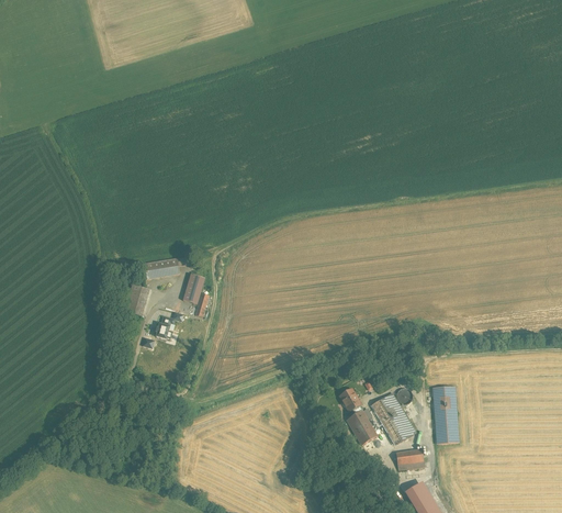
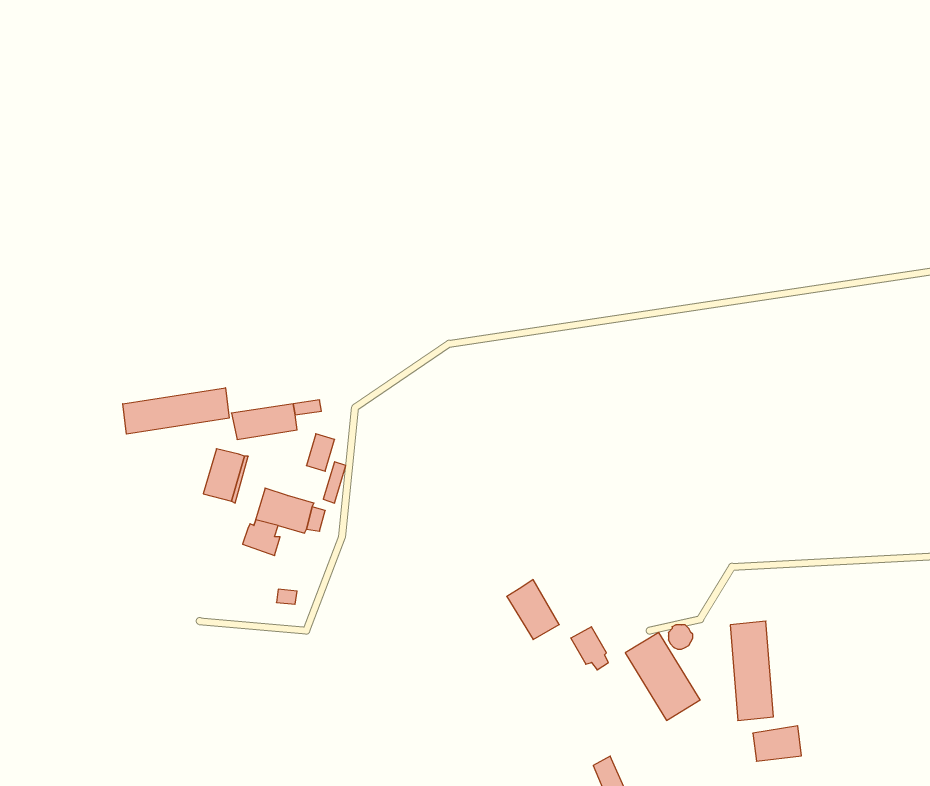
building: none -> [123,388,229,434]
building: [346,410,376,445] -> [507,580,559,640]
building: [395,448,424,469] -> [753,726,801,761]

